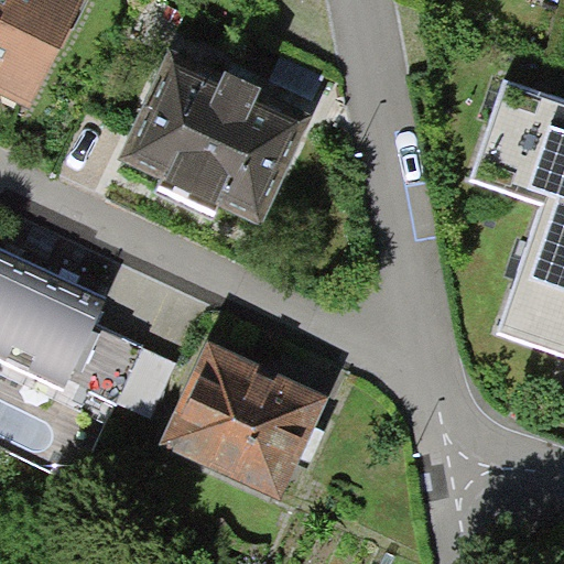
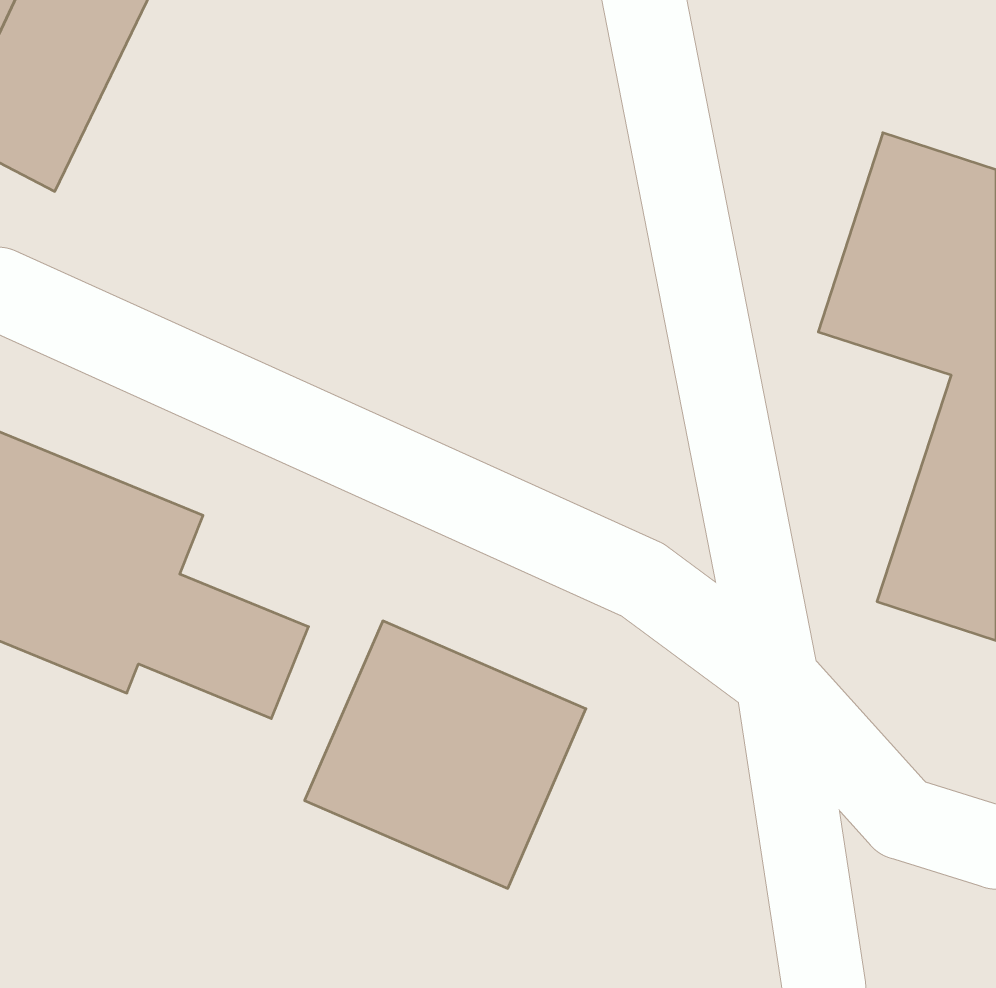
building: [132,62,305,212] -> none

